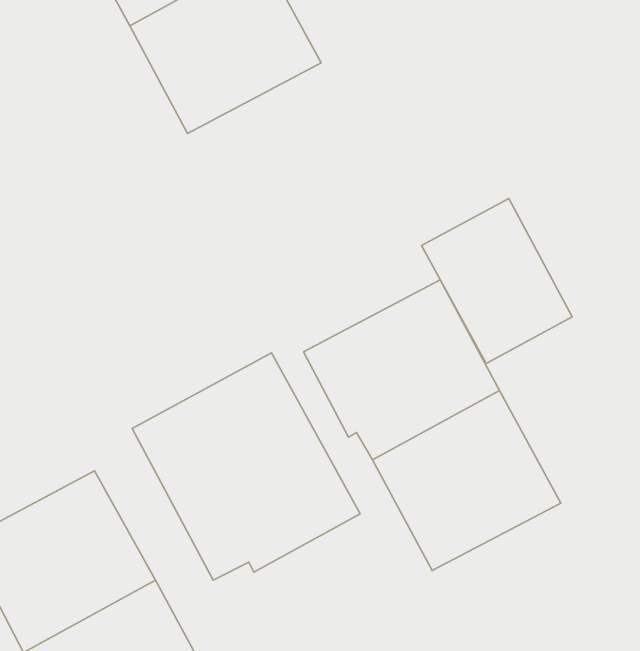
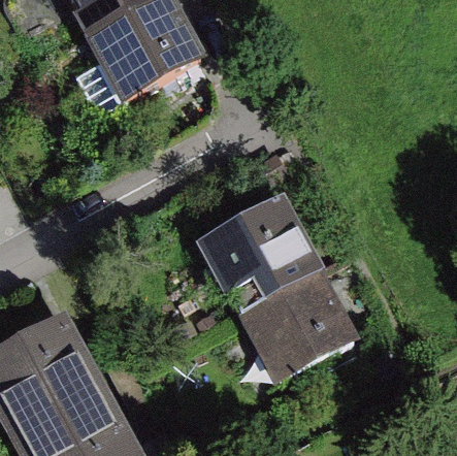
building: [421,199,572,364] -> none
building: [132,353,360,580] -> none

